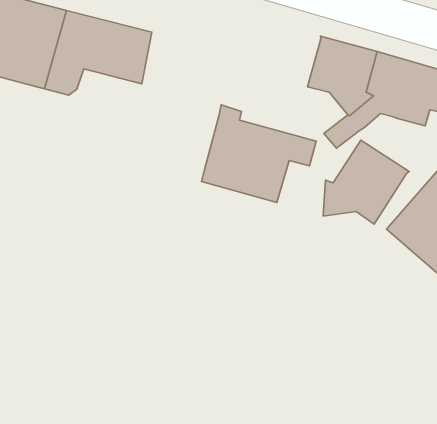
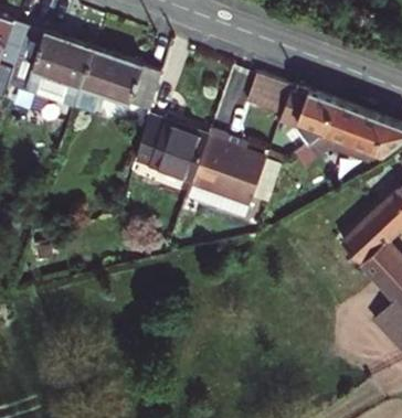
building: none -> [247,73,294,115]
building: none -> [138,117,210,181]
building: [323,140,409,224] -> none

